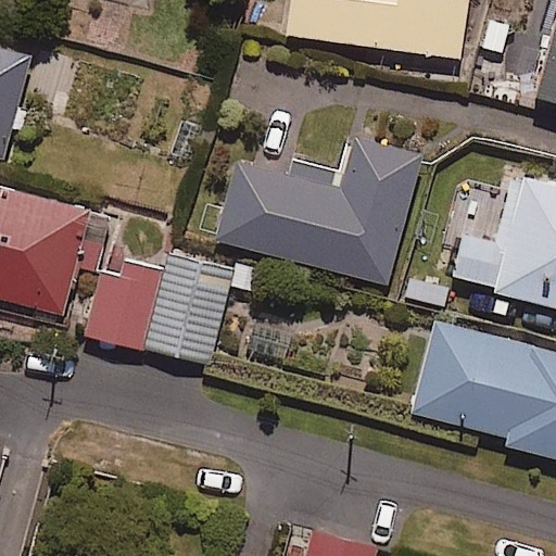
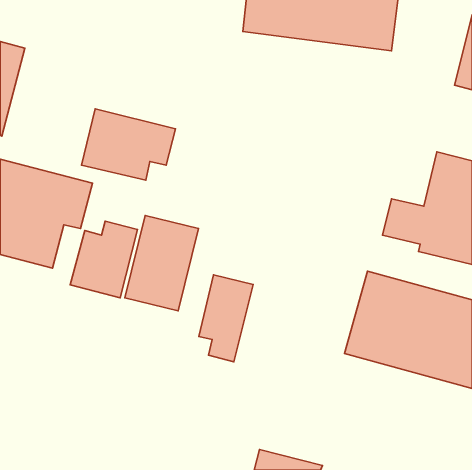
building: none -> [81,109,175,180]
building: [217,141,415,278] -> none
building: none -> [199,275,253,362]

